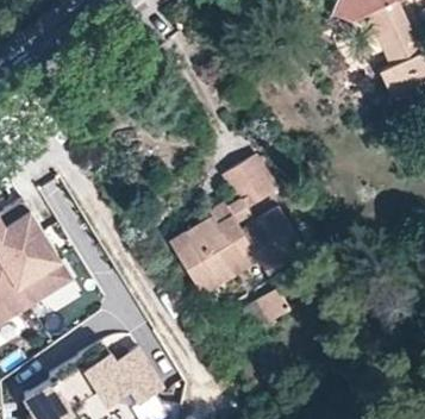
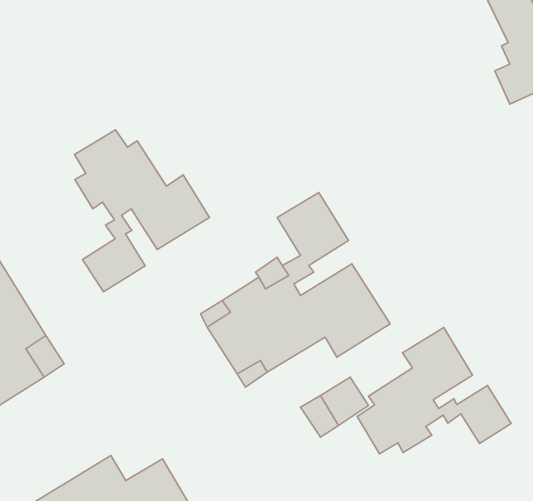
building: none -> [74,130,210,292]
building: none -> [357,327,511,454]

